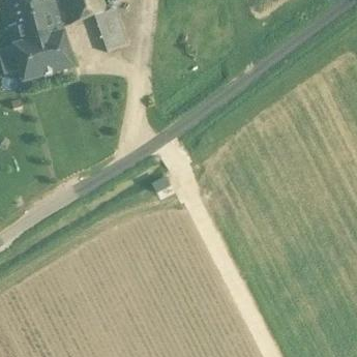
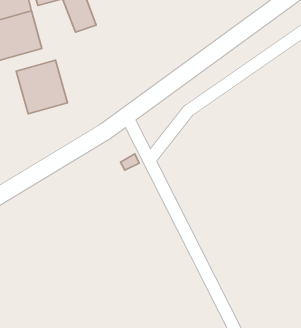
building: none -> [16,60,68,114]

